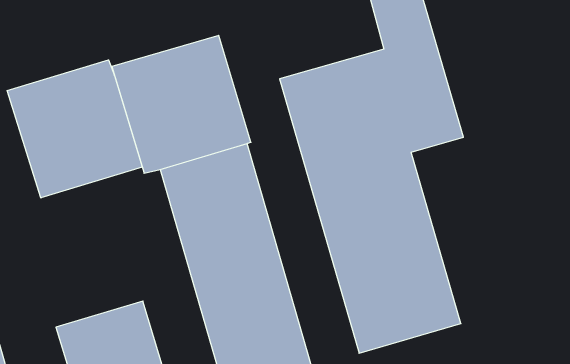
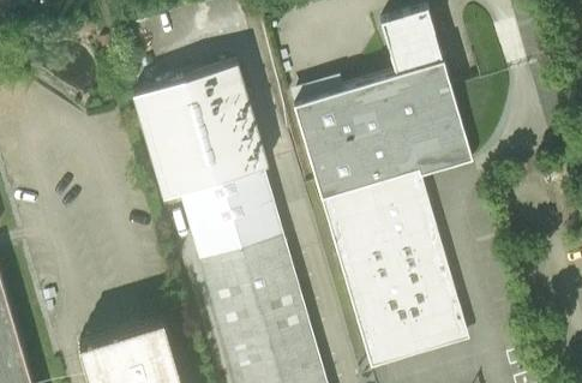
building: [7,60,142,198] -> none

